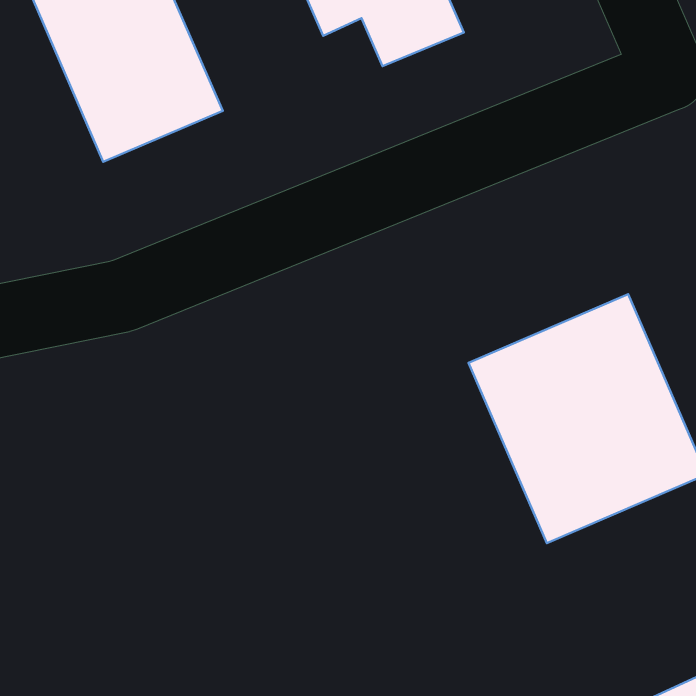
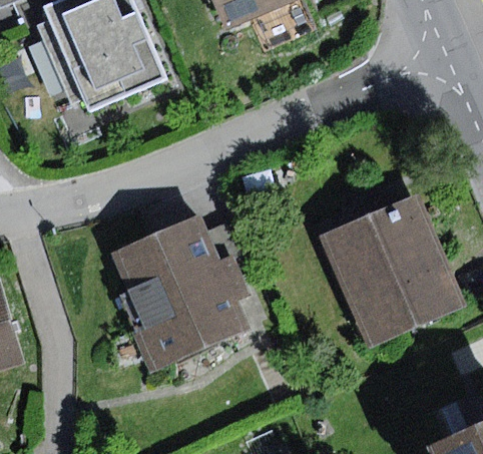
building: none -> [109,213,248,372]

